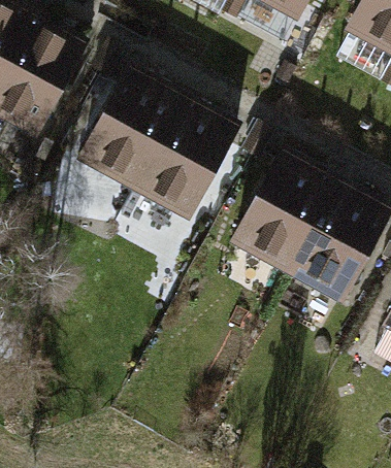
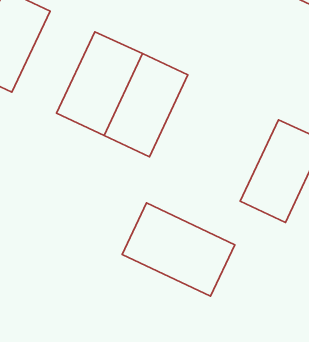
building: [234,155,337,275] -> none
building: none -> [122,203,235,296]

